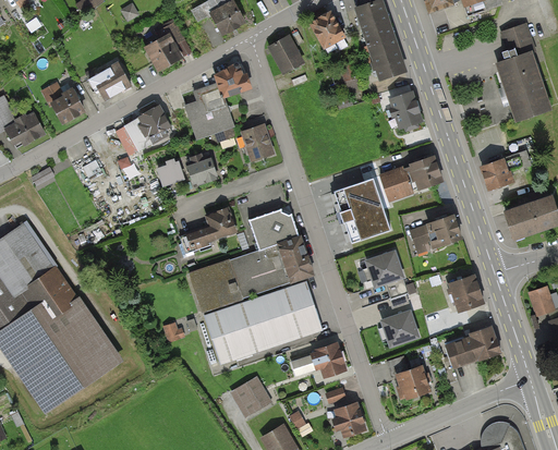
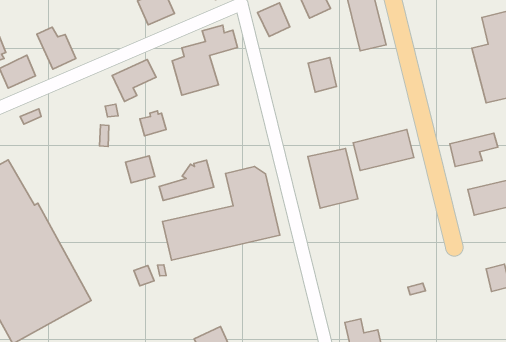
building: [89,63,131,101] -> none
building: [390,92,422,129] -> [308,58,337,92]
building: [241,124,276,163] -> none
building: [185,158,217,187] -> [126,156,155,183]
building: [409,214,462,254] -> none
building: [365,250,410,308] -> none
building: [446,275,483,313] -> none
building: [204,281,323,364] -> none
building: [381,312,417,345] -> none
building: [445,326,499,366] -> none
building: [289,342,347,379] -> none

